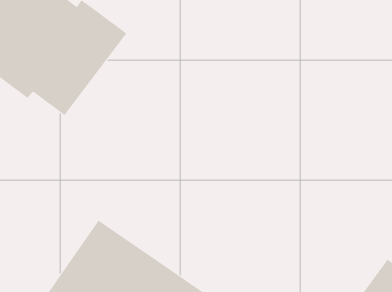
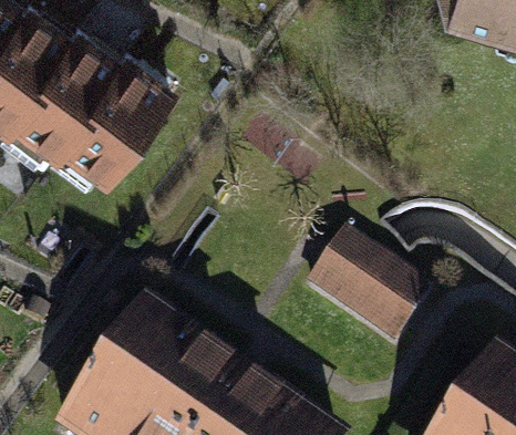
building: none -> [303,229,432,349]

